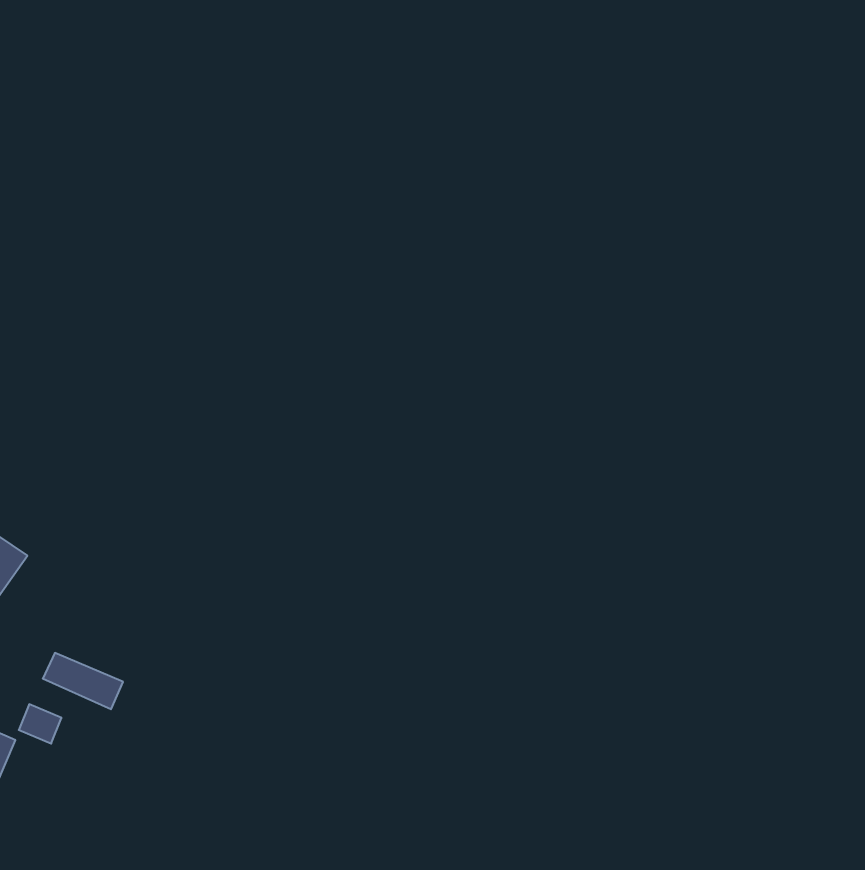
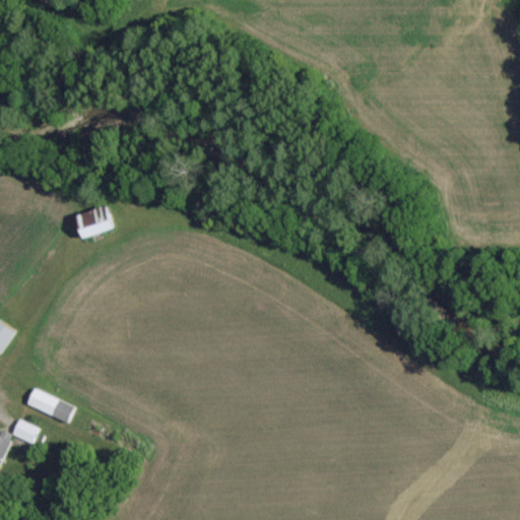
building: none -> [75,205,114,238]

